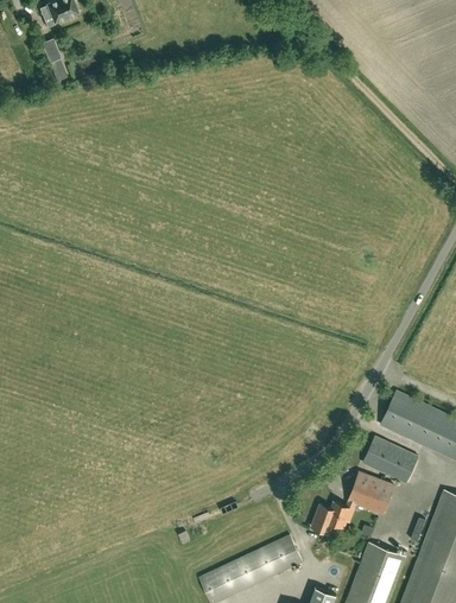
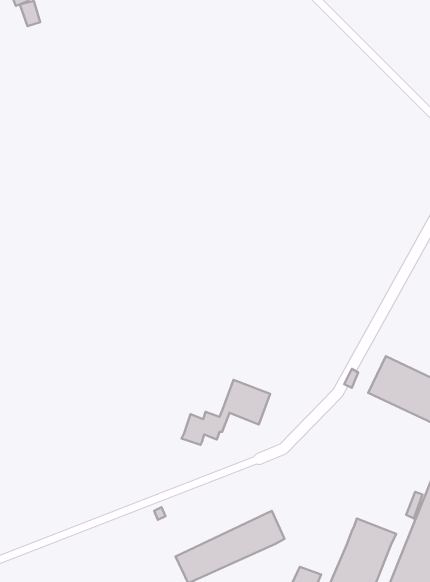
building: [362,436,417,483] -> none
building: [310,472,393,533] -> [182,380,270,445]

